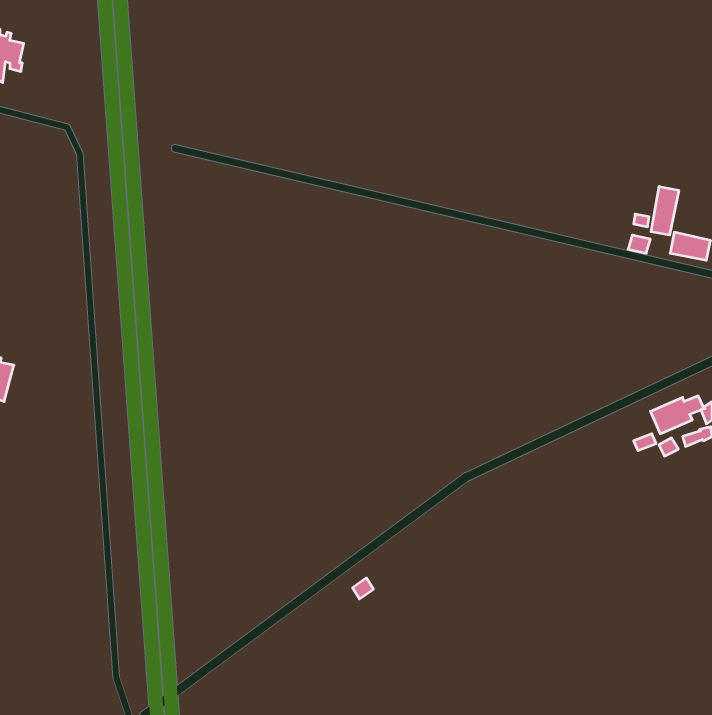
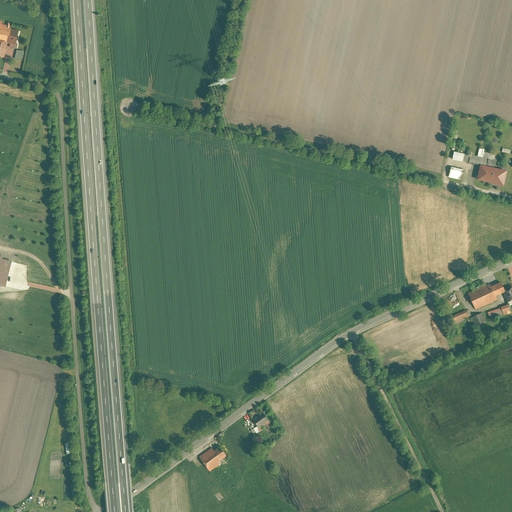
building: [651,186,679,235] -> none
building: none -> [197,447,225,471]

